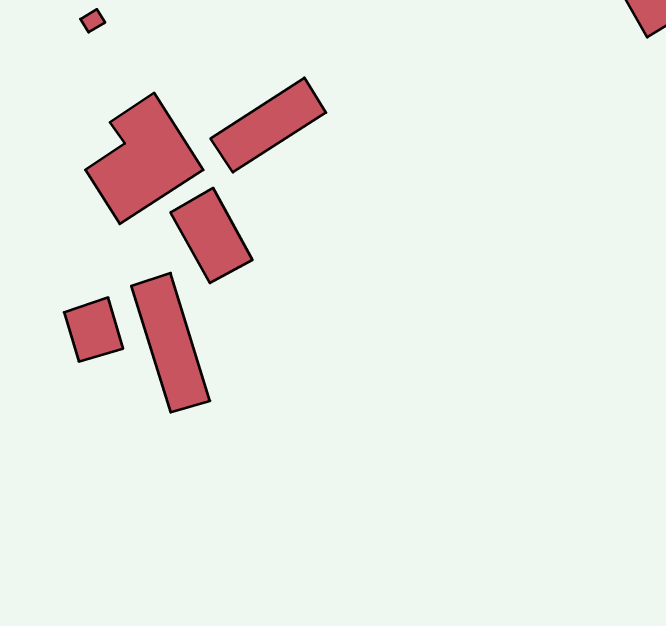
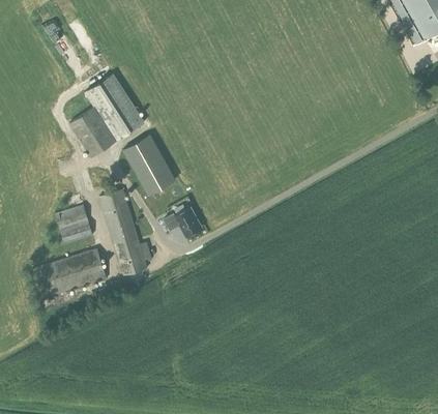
building: [211,78,326,172] -> none
building: none -> [174,208,202,237]
building: none -> [32,248,106,298]

